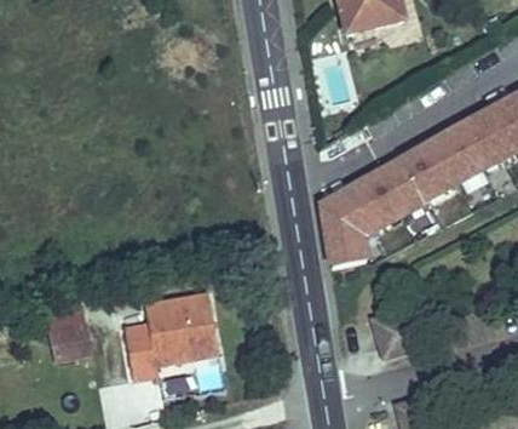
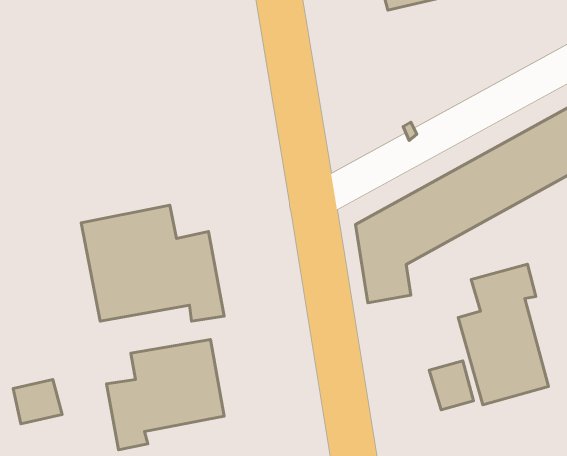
building: none -> [81,205,224,321]
building: none -> [458,264,548,405]

